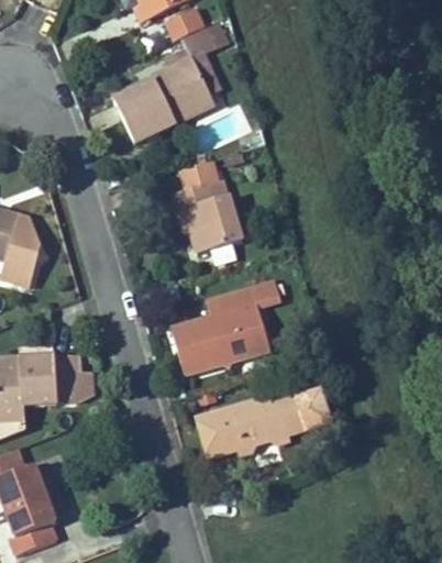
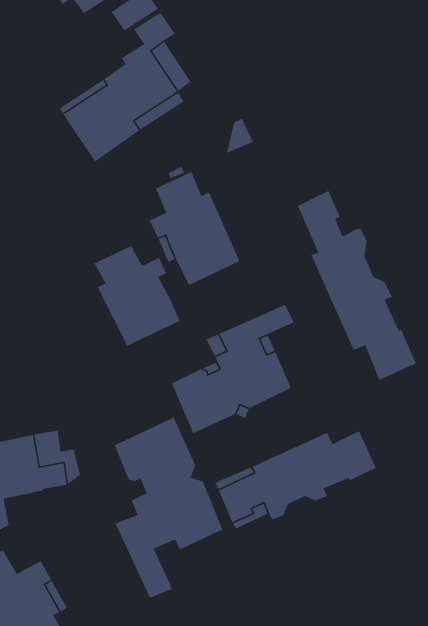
building: none -> [297,190,417,381]
building: none -> [93,245,181,347]
building: none -> [114,416,223,599]

